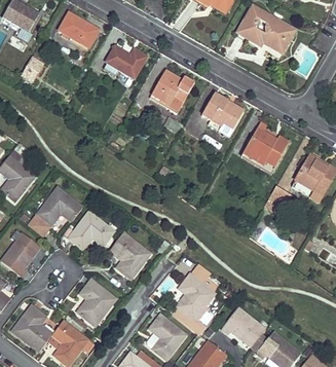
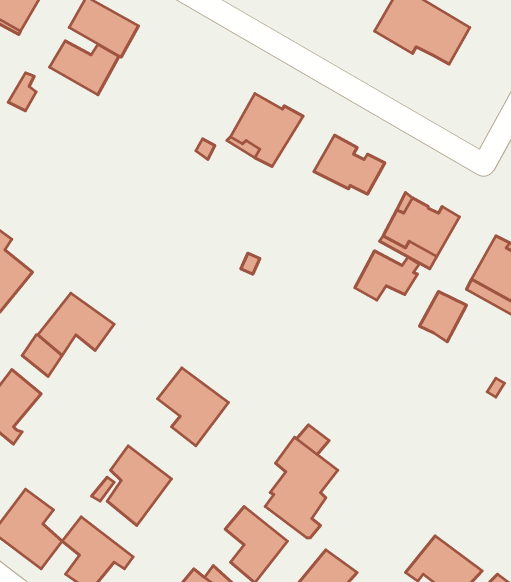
building: [107,47,148,79] -> [49,41,119,95]
building: none -> [355,251,419,300]
building: [69,213,114,249] -> none
building: [221,307,265,346] -> none

